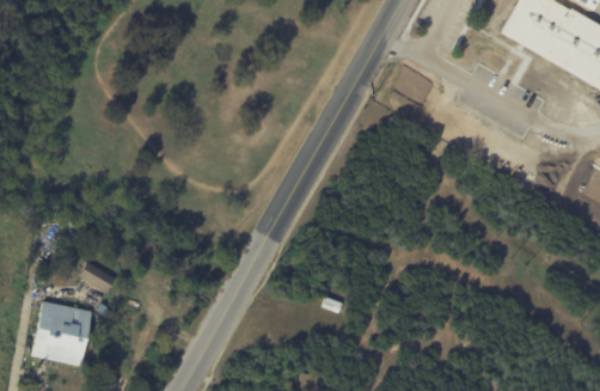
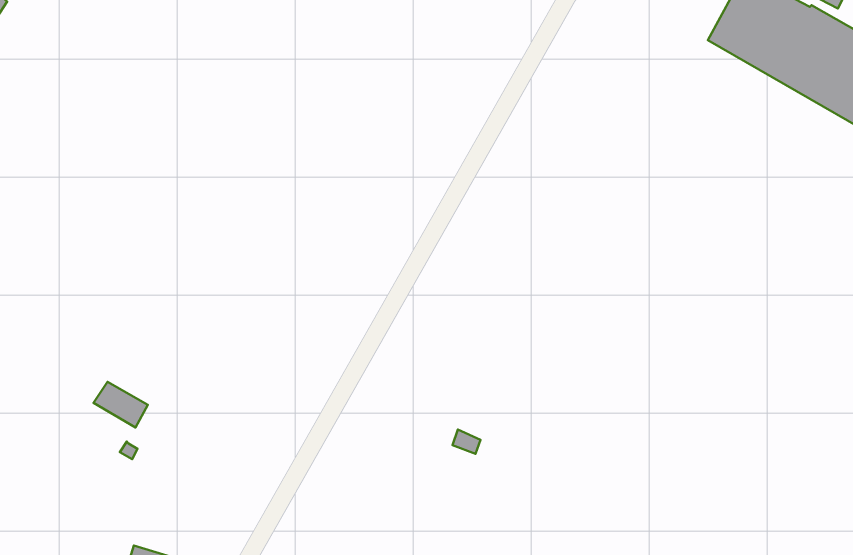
building: [32,300,92,365] -> none

